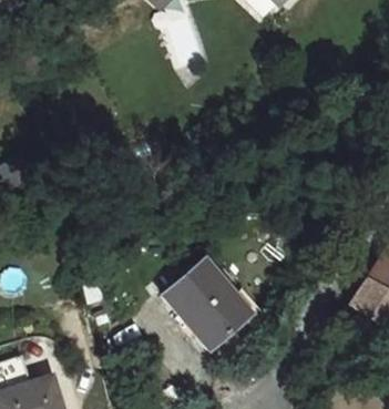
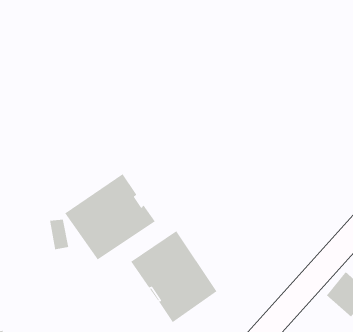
building: none -> [64,173,156,260]

